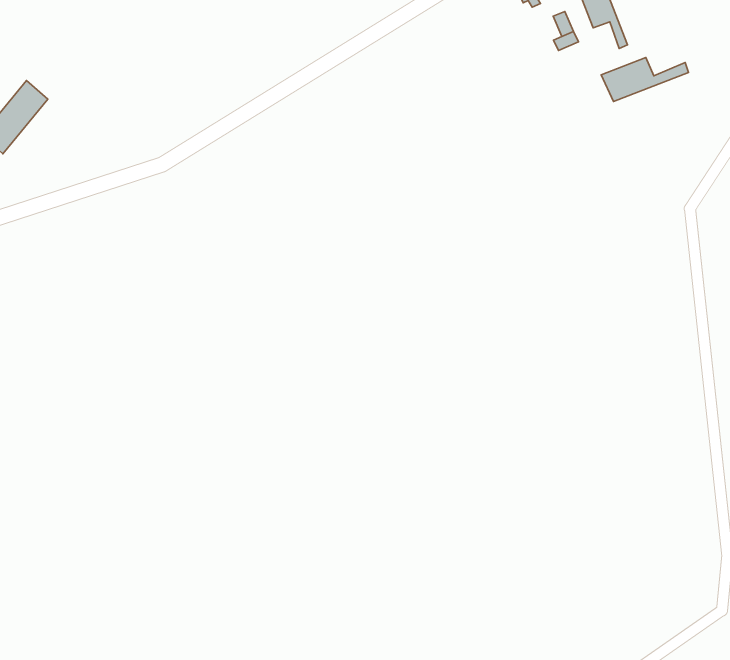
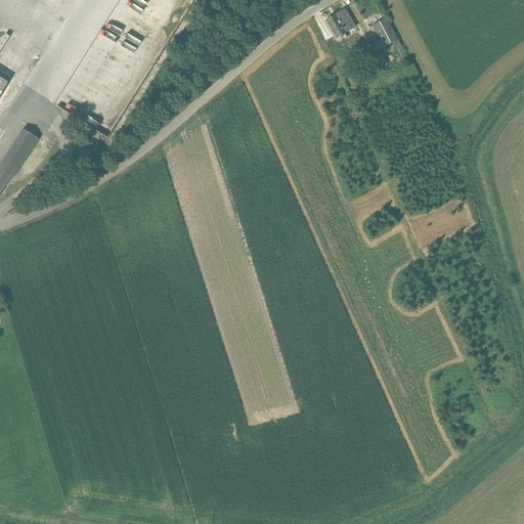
building: [601,57,689,102] -> none

